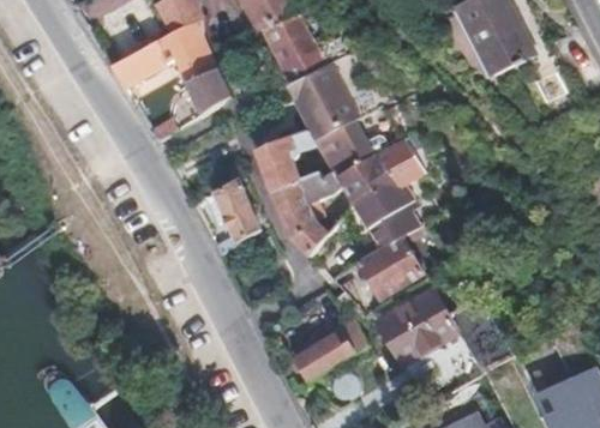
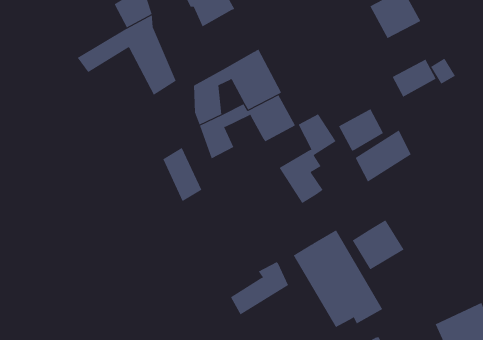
building: [260,13,324,83] -> none
building: [484,26,538,73] -> [392,59,437,98]
building: [336,151,391,204] -> [338,108,384,152]
building: none -> [355,130,412,183]
building: [271,169,330,255] -> none
building: [358,236,421,297] -> [352,220,405,270]

